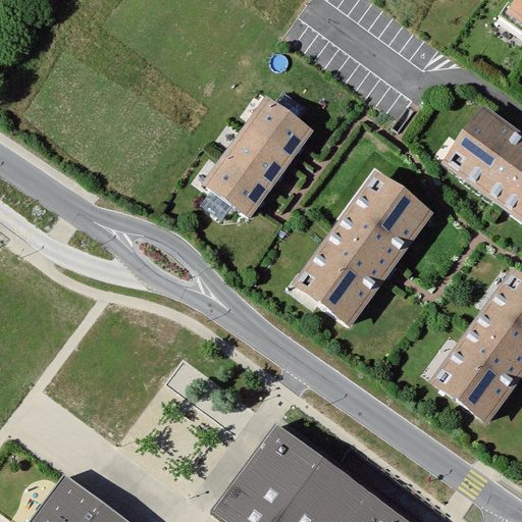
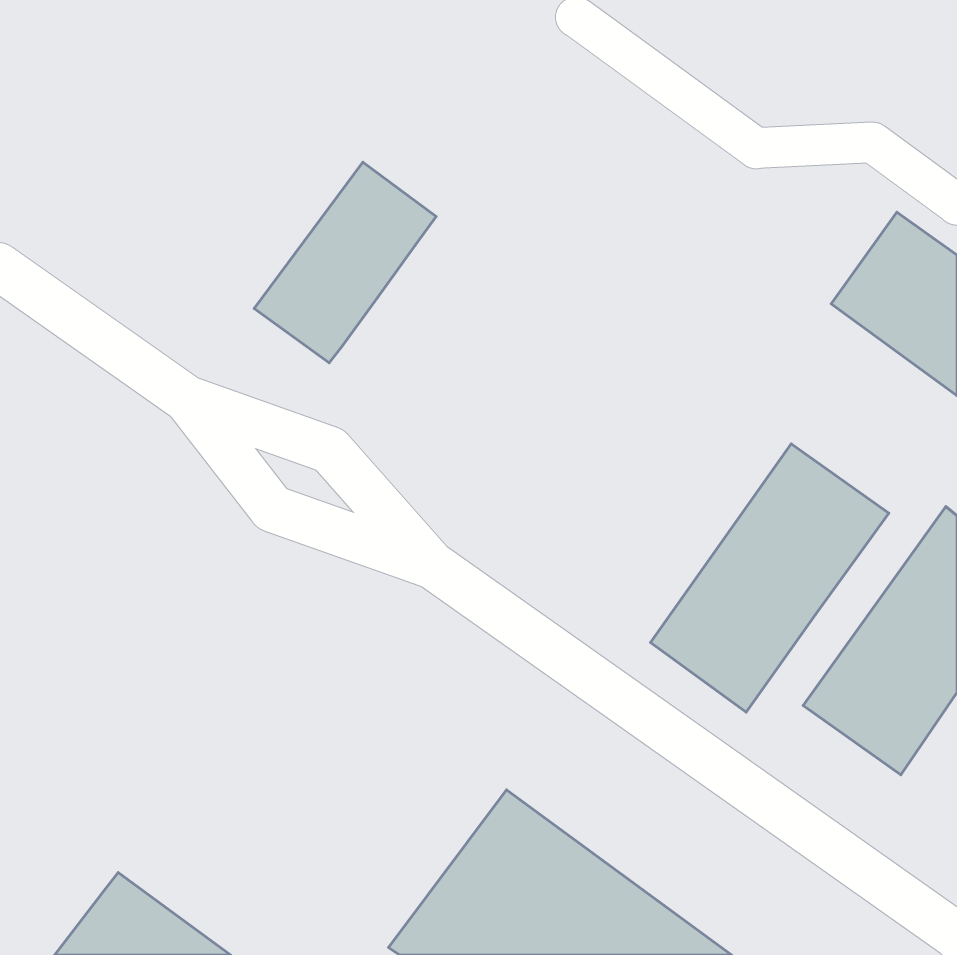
building: [211,105,310,214] -> [254,162,436,363]
building: [301,179,430,325] -> [651,444,889,712]

